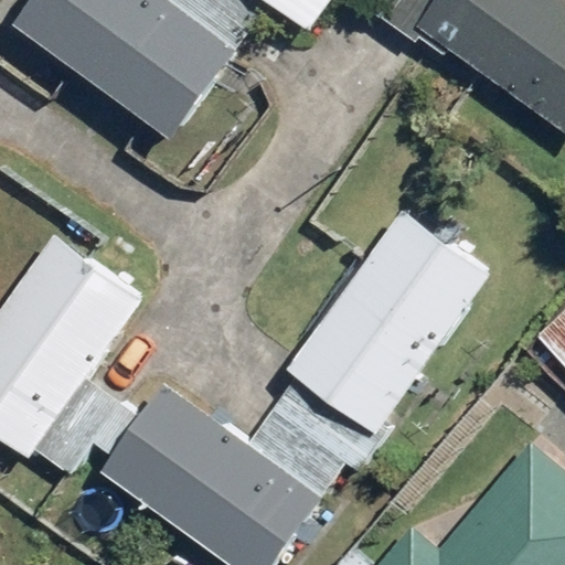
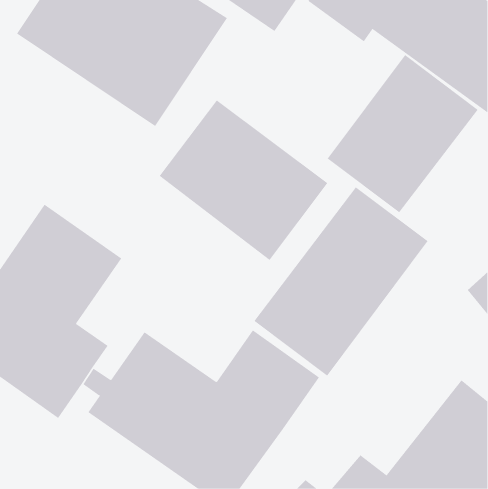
building: none -> [327,54,478,213]
building: none -> [159,100,328,261]

